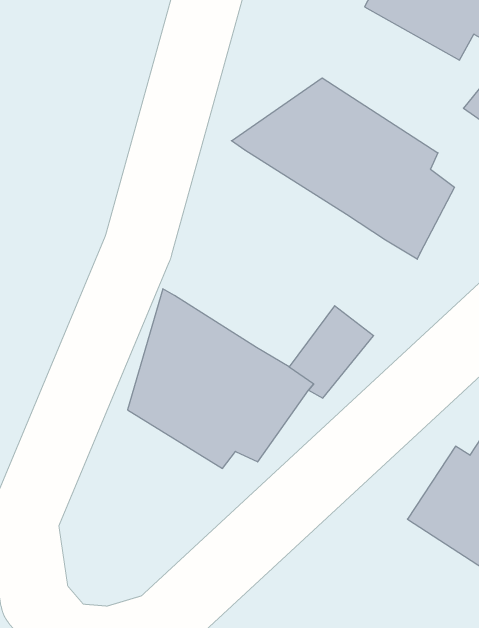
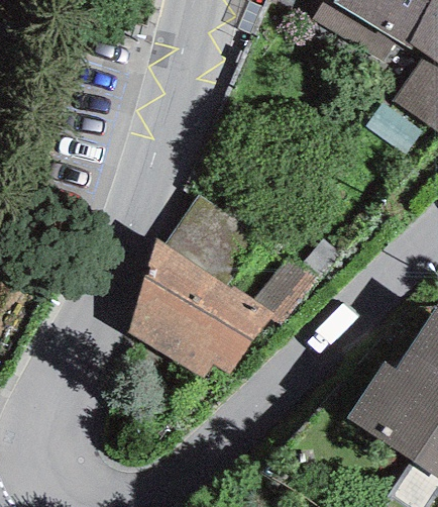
building: [231,78,454,259] -> none
building: none -> [166,193,261,284]

